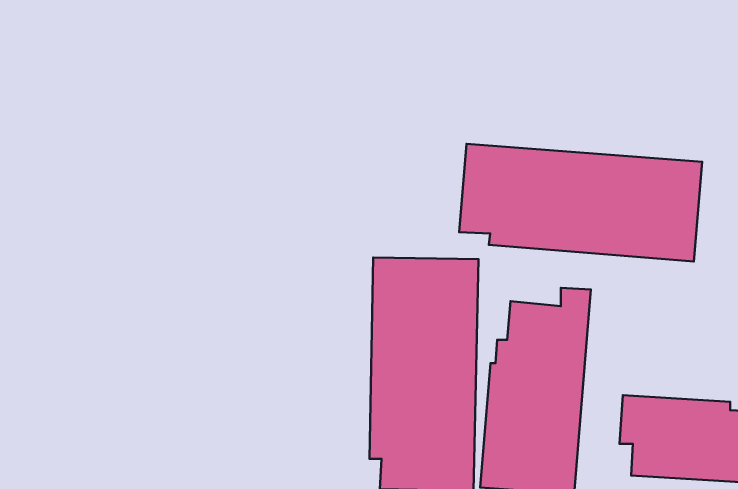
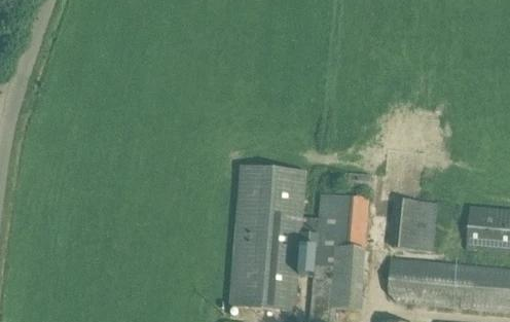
building: [459,144,702,261] -> none
building: none -> [404,199,442,248]

